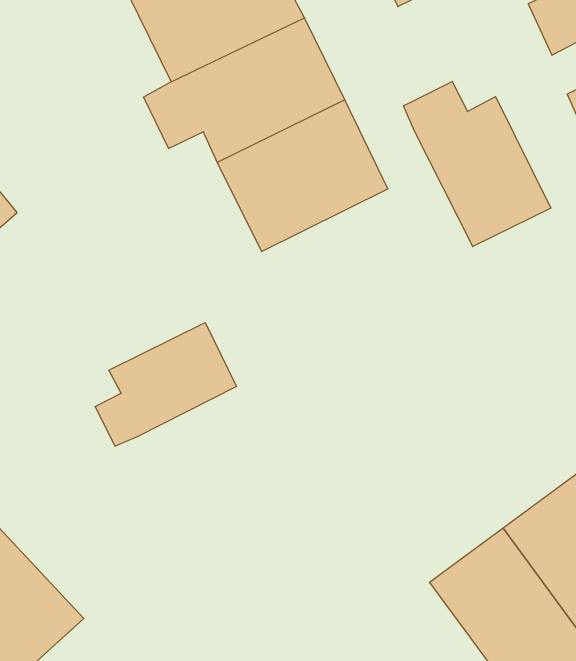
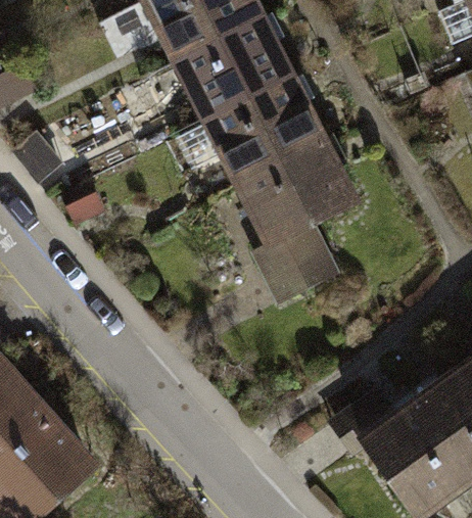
building: [404,81,551,247] -> none
building: none -> [238,147,362,301]
building: [95,323,236,446] -> none

